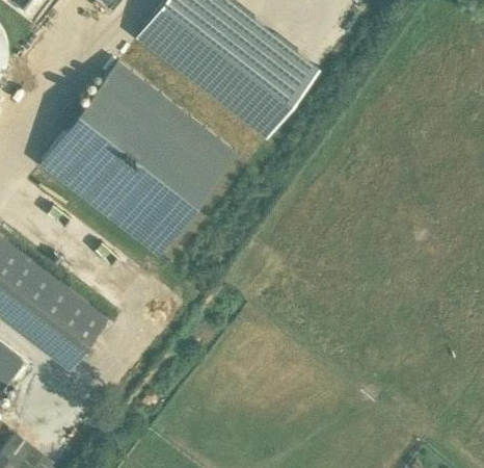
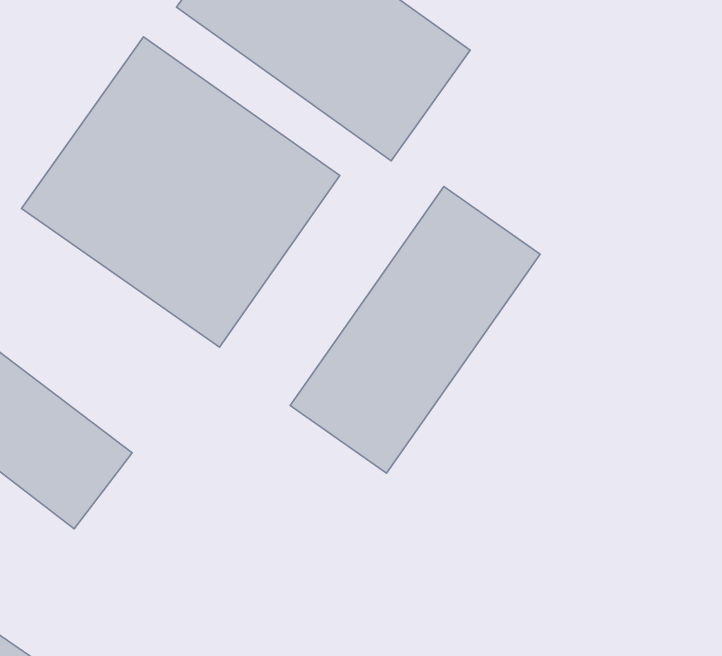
building: none -> [290,187,540,473]

